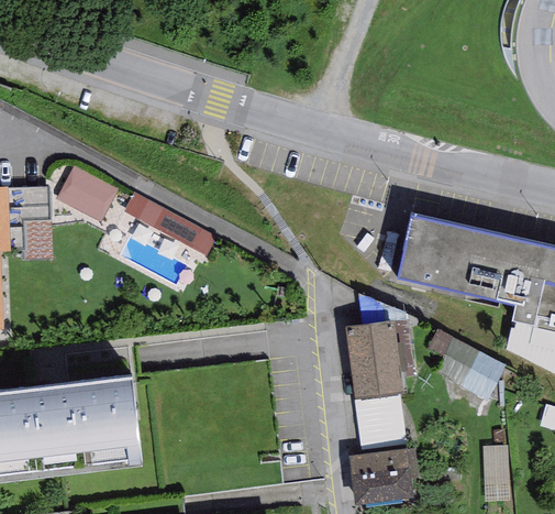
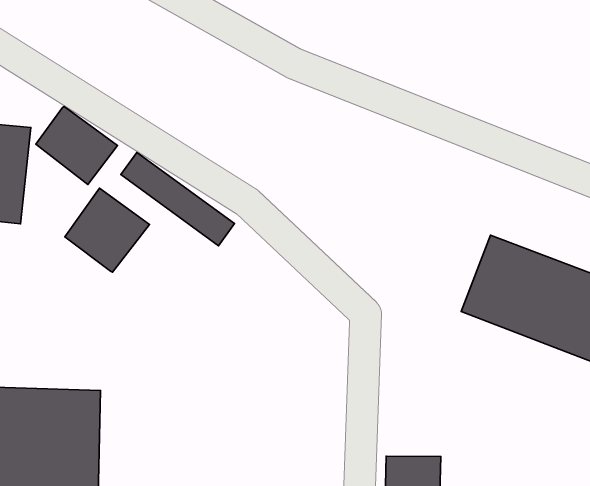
building: none -> [65,188,150,272]
building: [344,321,401,398] -> none
building: [443,346,498,395] -> none

